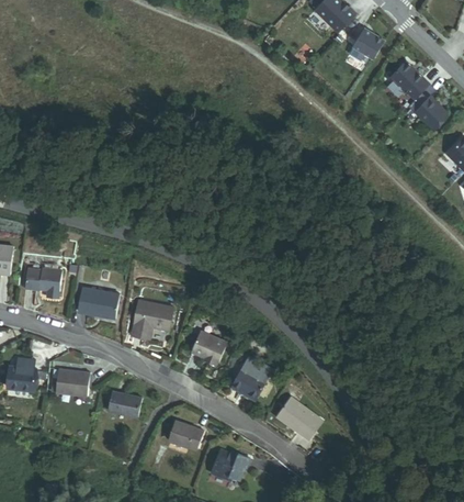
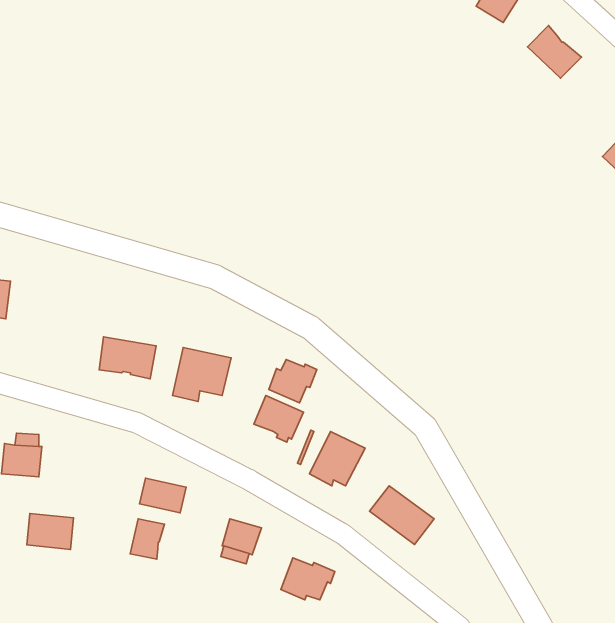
building: [408,92,448,131] -> none
building: [25,268,61,298] -> none
building: none -> [269,360,317,403]
building: [56,369,90,395] -> [27,513,73,549]
building: none -> [130,519,164,559]

